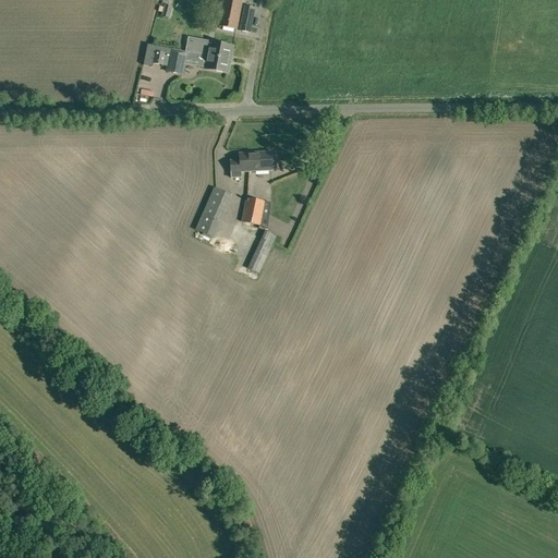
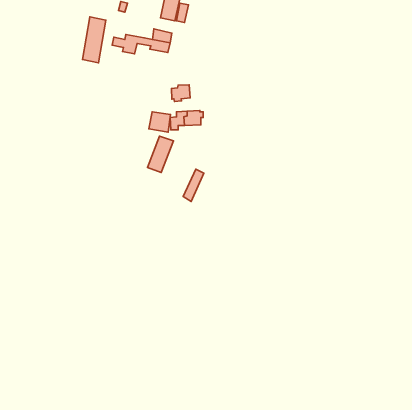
building: none -> [83,17,106,63]
building: none -> [171,85,190,101]
building: [241,197,270,225] -> [149,112,171,132]

